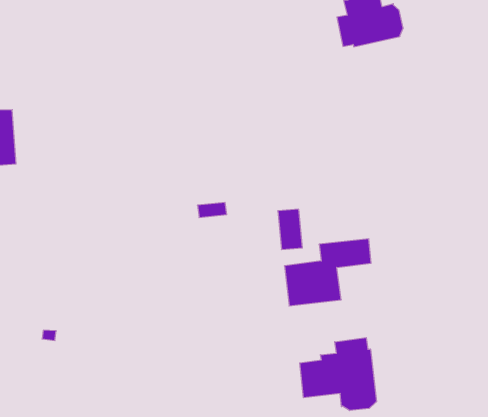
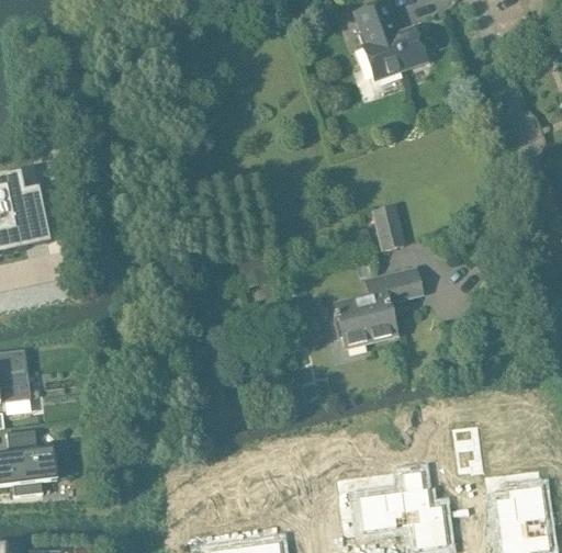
building: [278,209,302,250] -> [371,206,401,249]
building: [300,338,376,411] -> none

